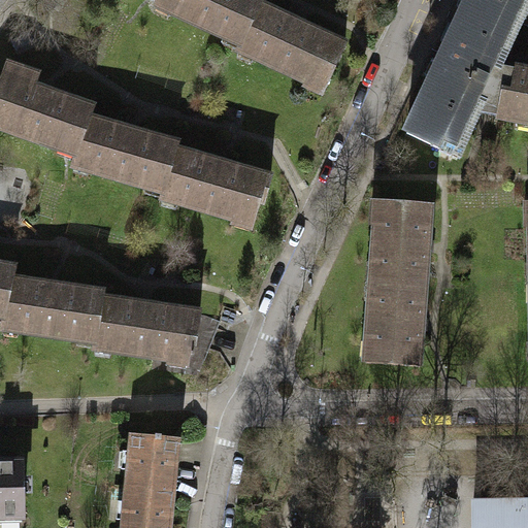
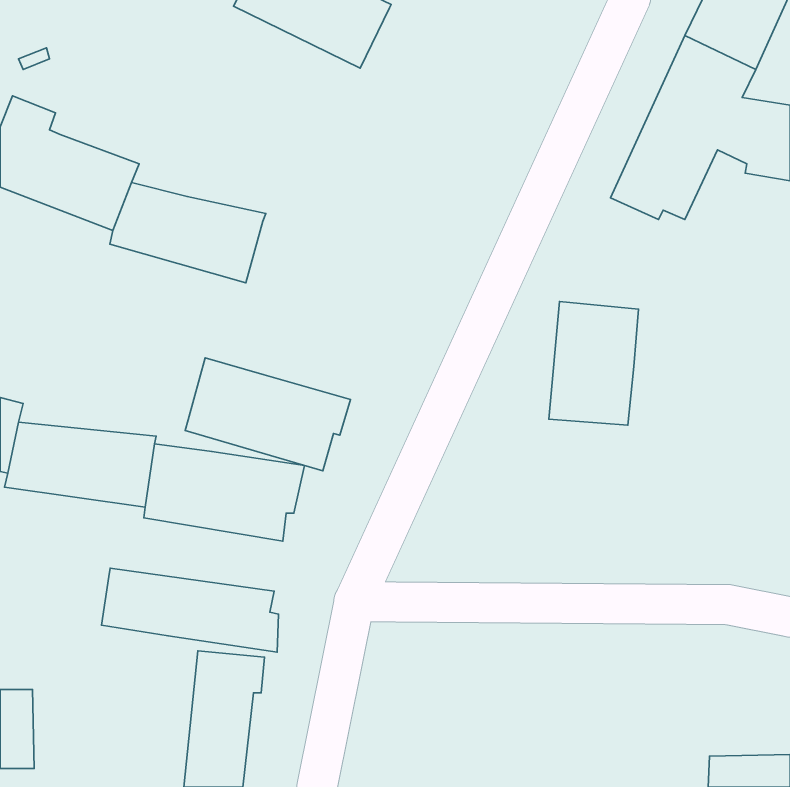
building: [238,5,345,91] -> none
building: [162,147,272,223] -> [185,358,351,471]
building: [360,279,419,363] -> none
building: none -> [101,568,278,652]

